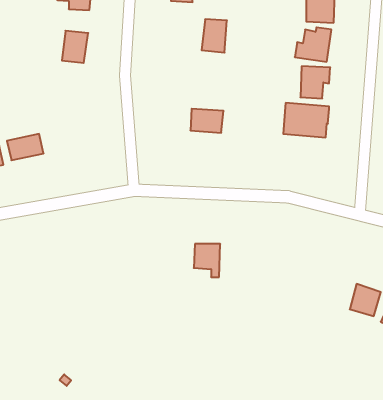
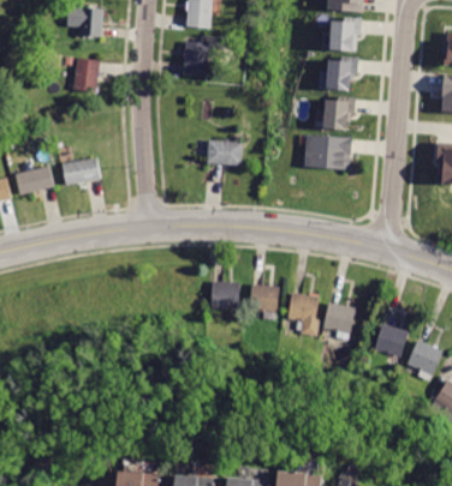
building: [202,19,227,53] -> [183,42,209,77]
building: none -> [63,157,101,185]
building: none -> [249,284,279,320]
building: none -> [289,293,320,336]
building: none -> [323,302,356,341]

